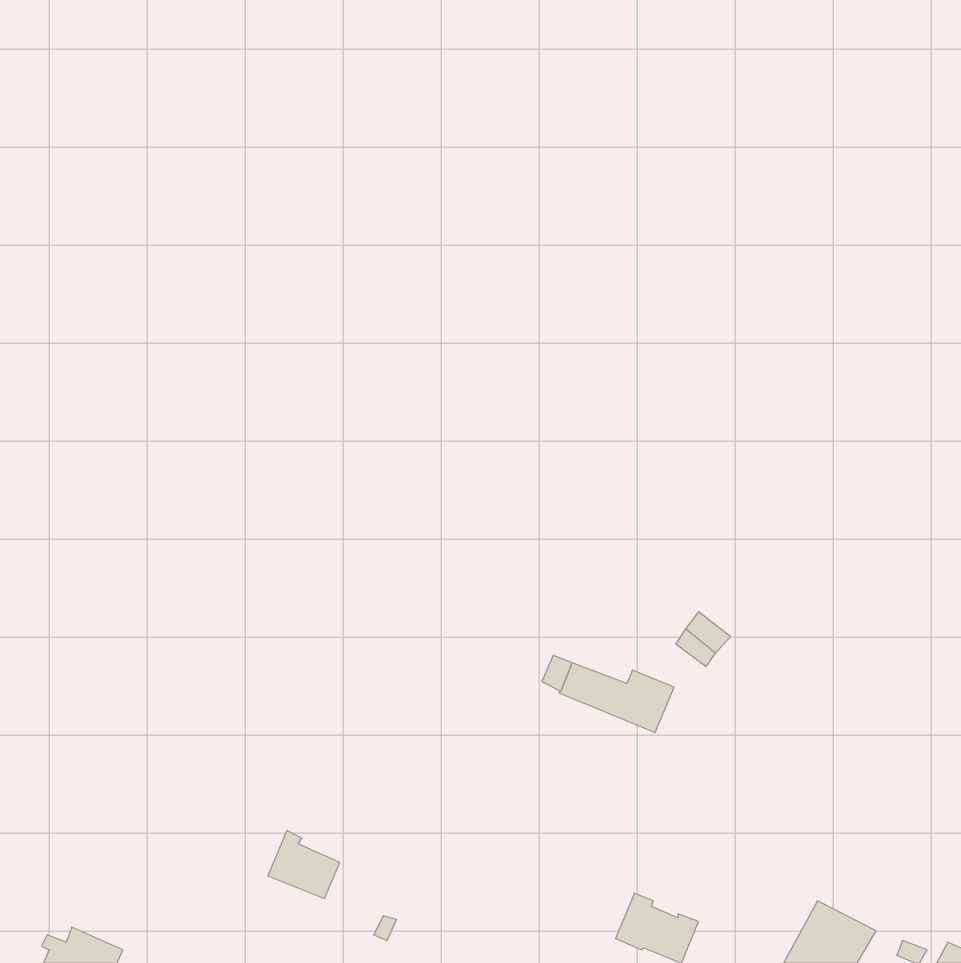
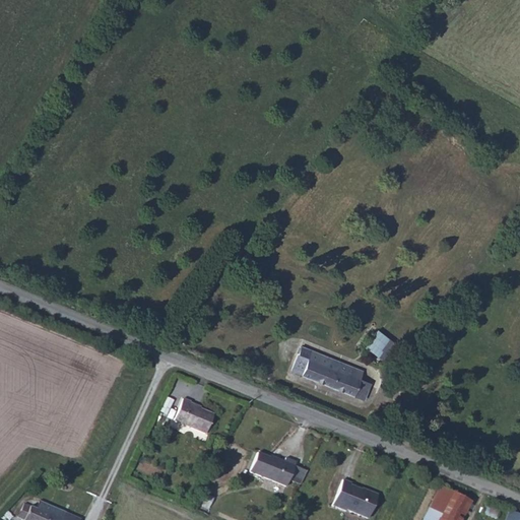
building: [268,830,340,898] -> [180,398,218,435]
building: none -> [253,454,298,486]

